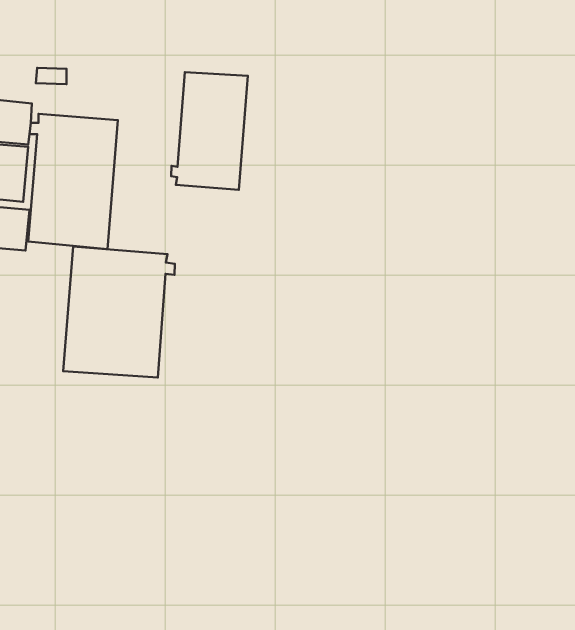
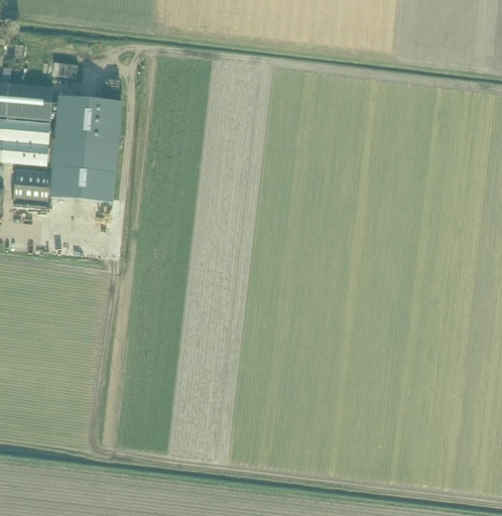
building: [171,72,248,190] -> none
building: [63,247,175,377] -> none

